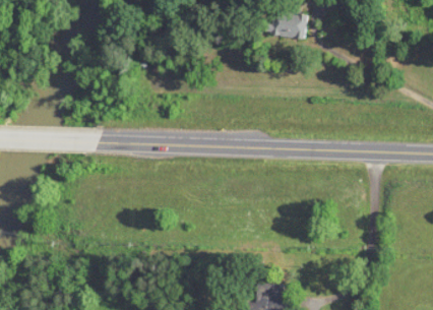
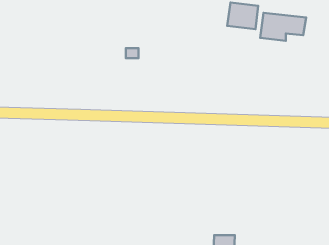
building: none -> [260,13,306,41]

